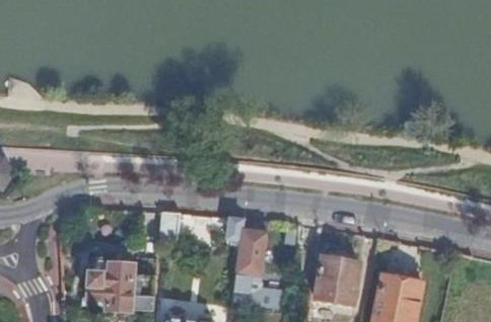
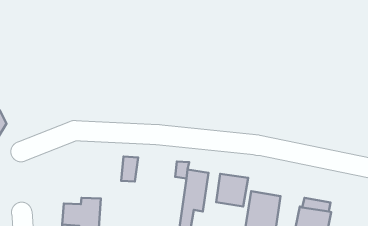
building: none -> [216,174,248,207]

